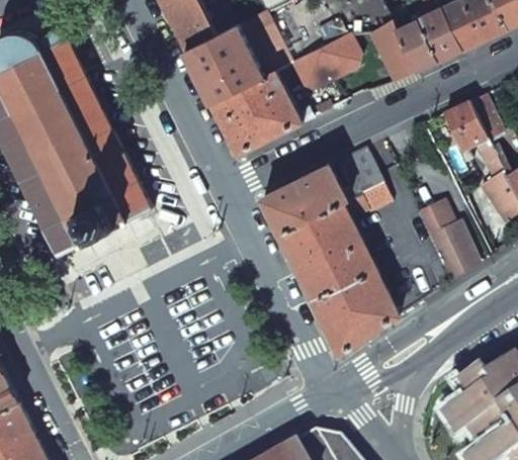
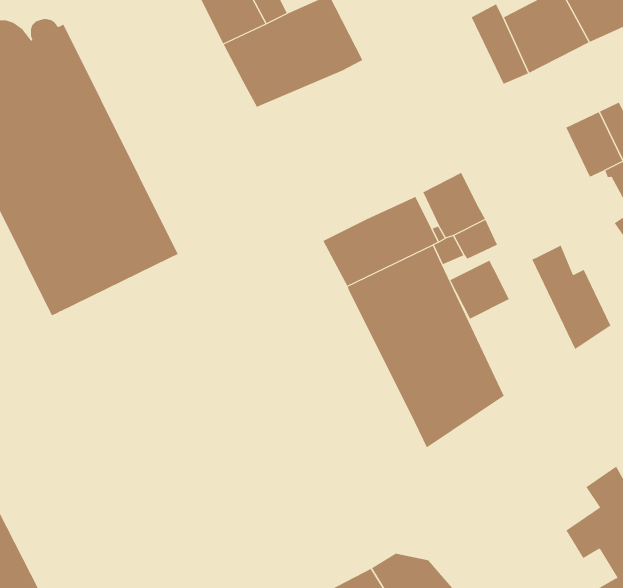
building: [288,33,359,88] -> none
building: [210,71,331,154] -> none
building: none -> [450,260,510,319]

